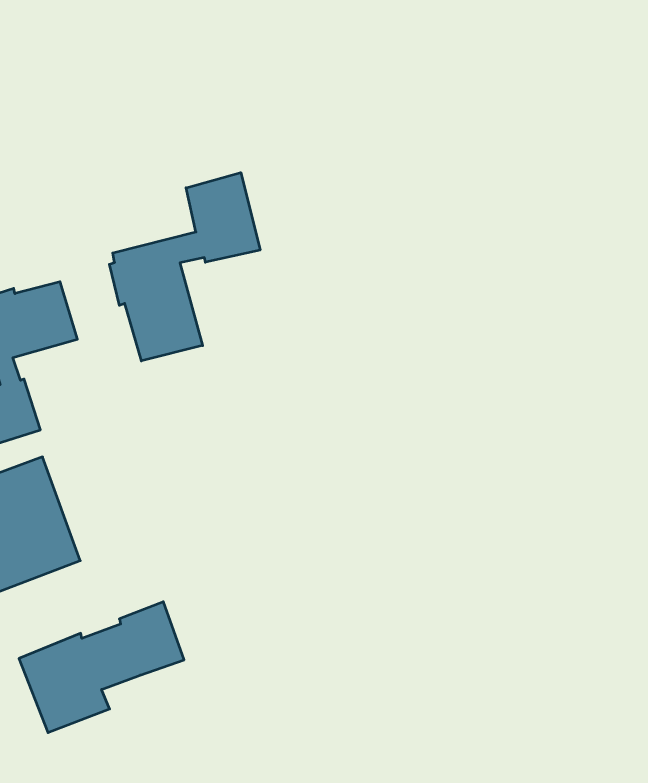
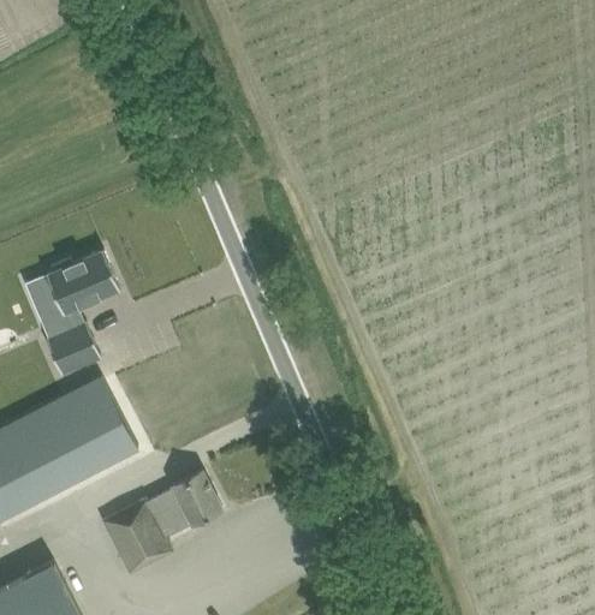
building: [109,173,260,361] -> none

